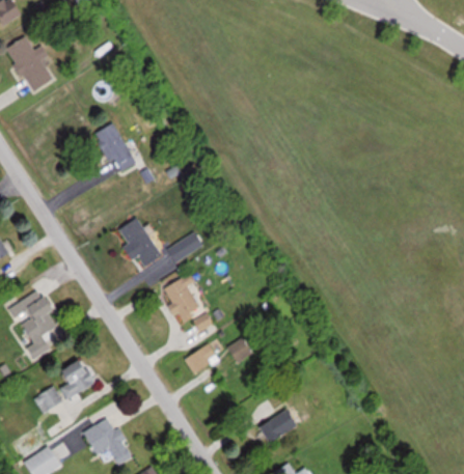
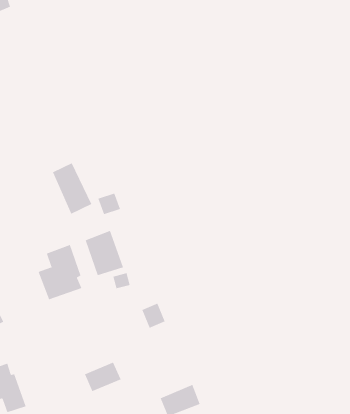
building: [93,122,136,175] -> none
building: none -> [38,244,82,300]
building: [183,342,219,374] -> [84,362,121,392]

